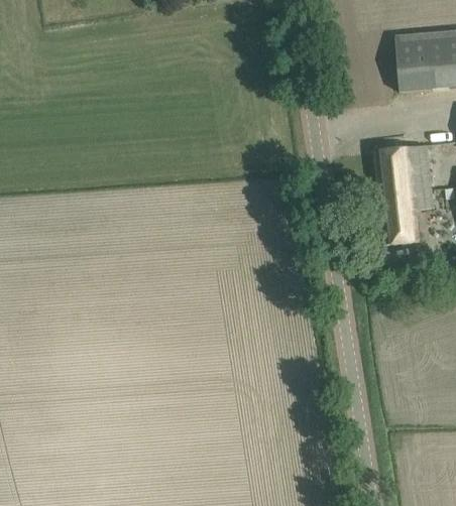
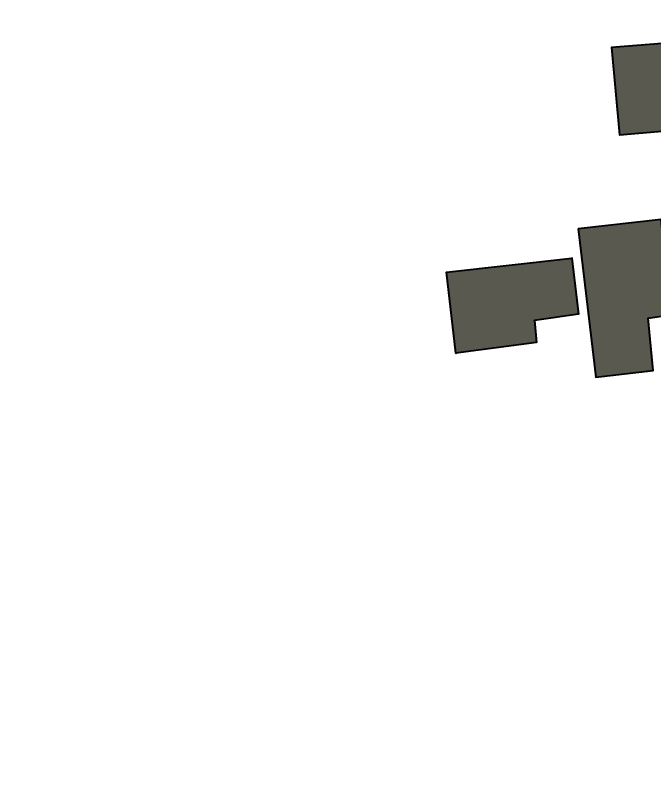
building: none -> [446,258,579,353]

